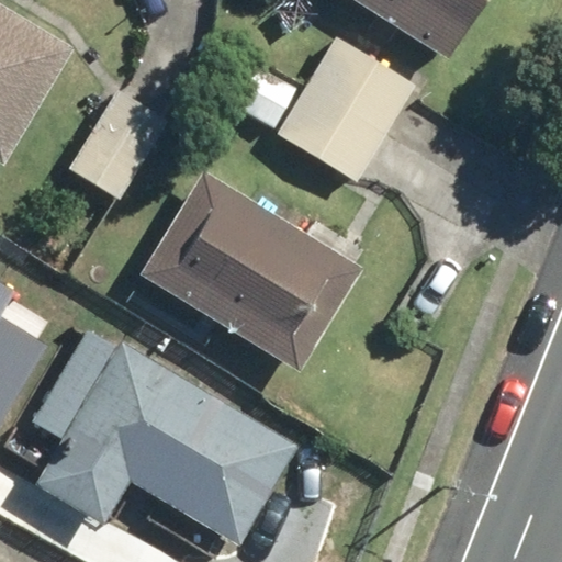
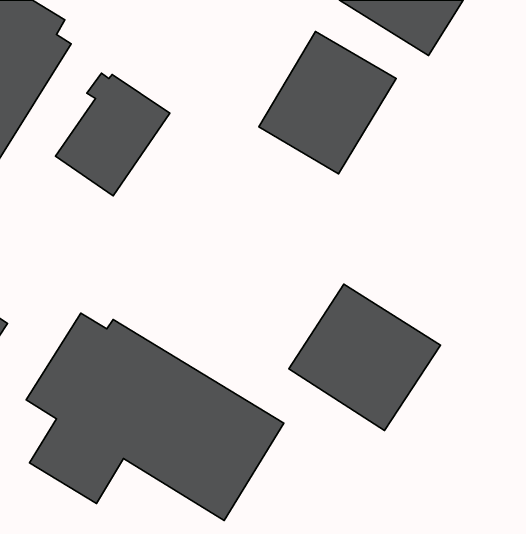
building: [138,169,366,374] -> none
building: none -> [289,284,440,431]

